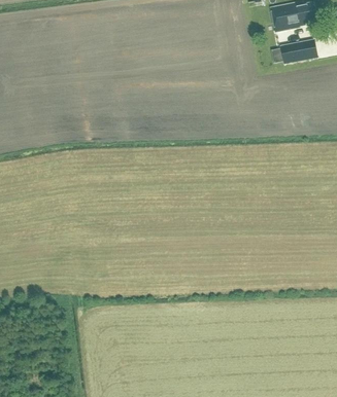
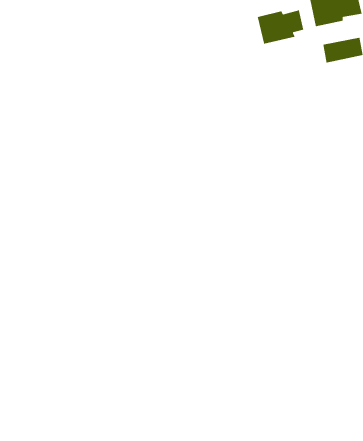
building: none -> [257,9,304,44]

